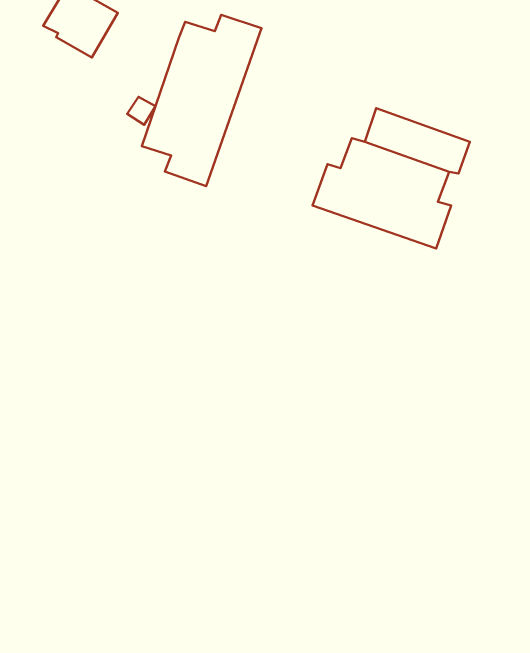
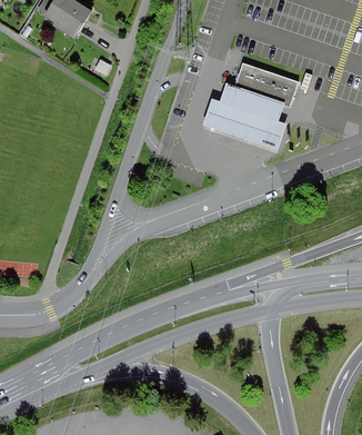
building: [142,15,261,186] -> none

